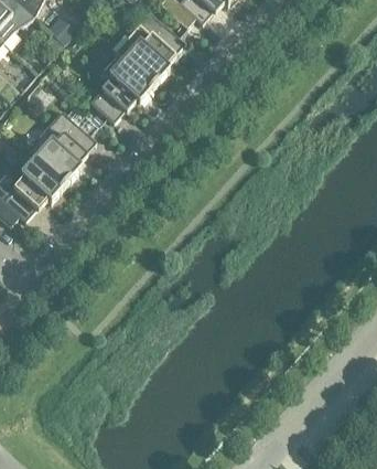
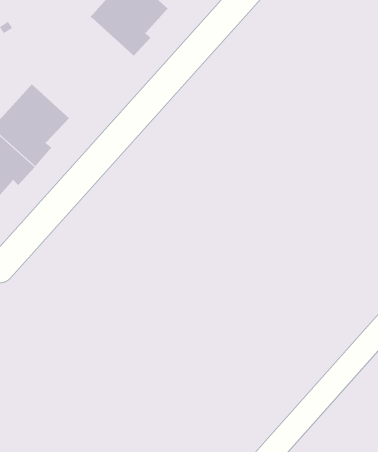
building: [89,54,152,121] -> none

